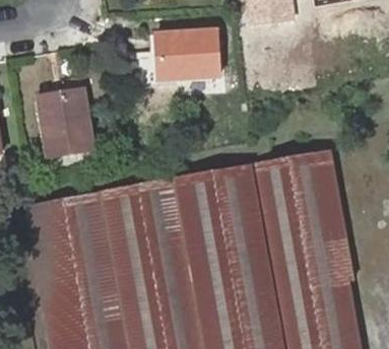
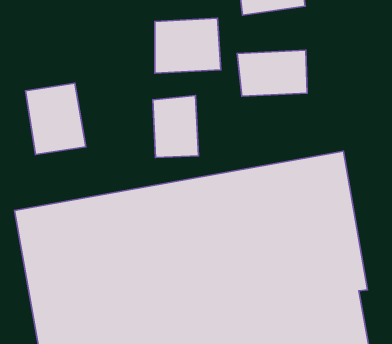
building: none -> [237,50,307,96]
building: none -> [153,95,199,157]

